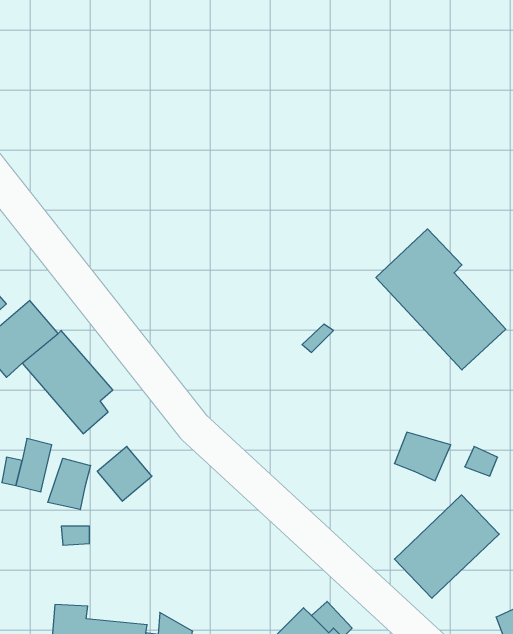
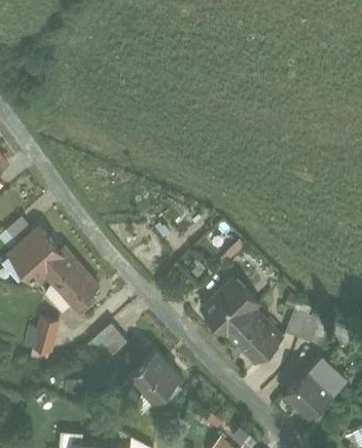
building: [376,229,506,370] -> [201,275,286,368]
building: [48,458,91,510] -> none
building: none -> [126,350,181,405]

